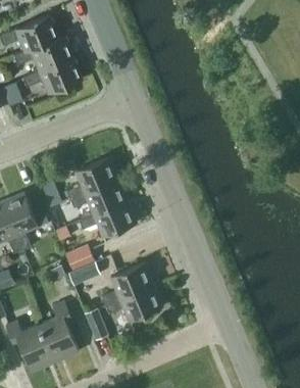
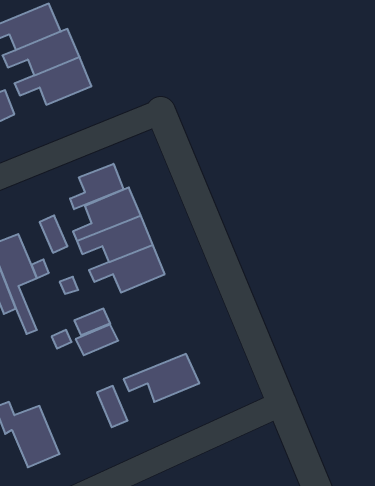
building: none -> [70,164,124,209]
building: [102,262,153,304] -> none
building: [41,301,79,361] -> none

